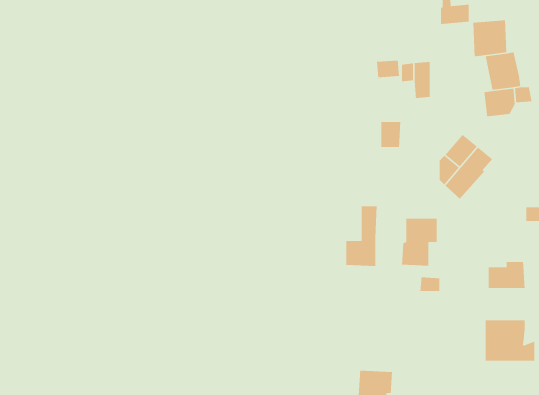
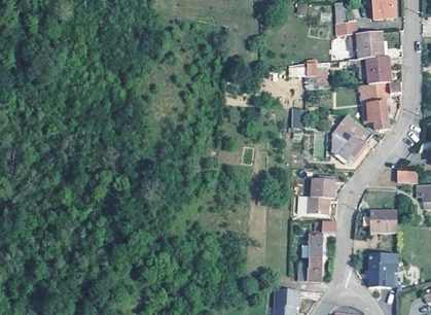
building: none -> [368,102,389,131]
building: [345,205,377,267] -> [297,236,321,281]

